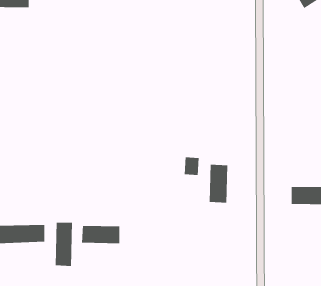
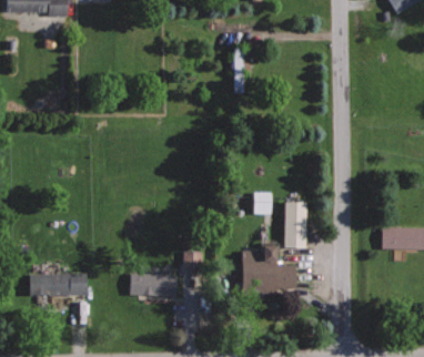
building: none -> [241,245,296,289]
building: [55,222,73,267] -> none

